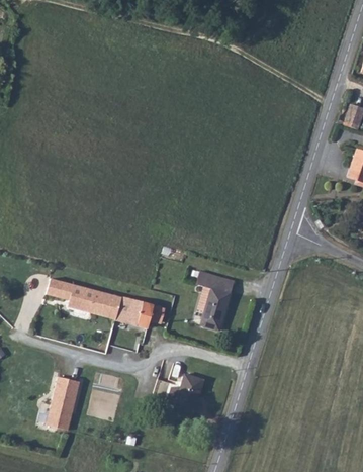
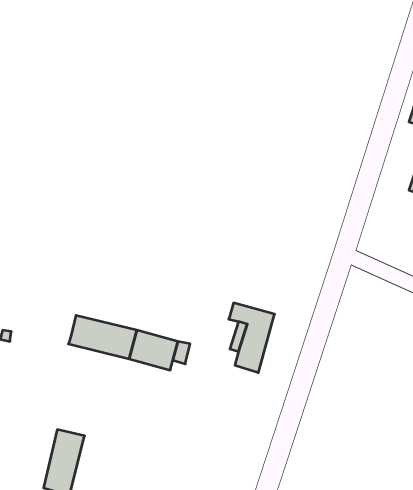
building: [46,277,73,300] -> none
building: [166,372,204,411] -> none

